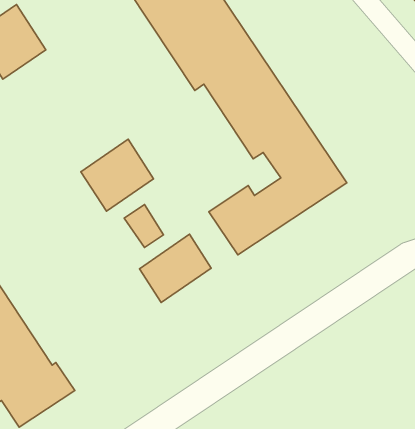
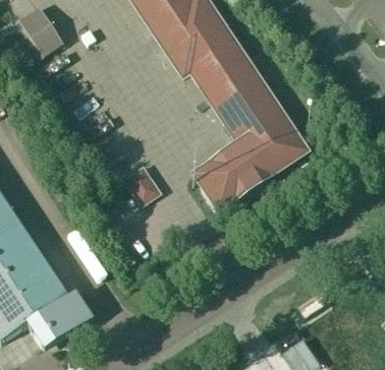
building: [81,139,153,211] -> none
building: [140,234,211,303] -> none

